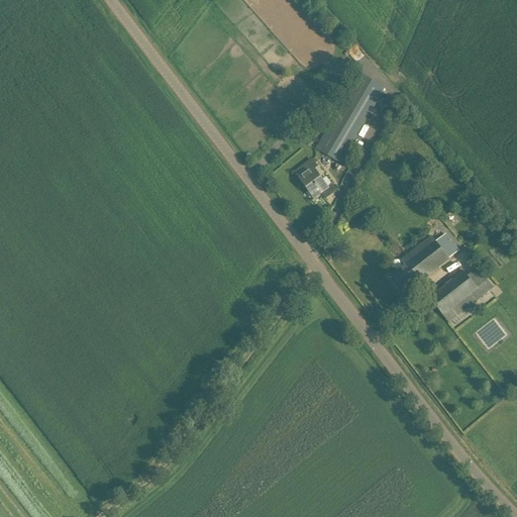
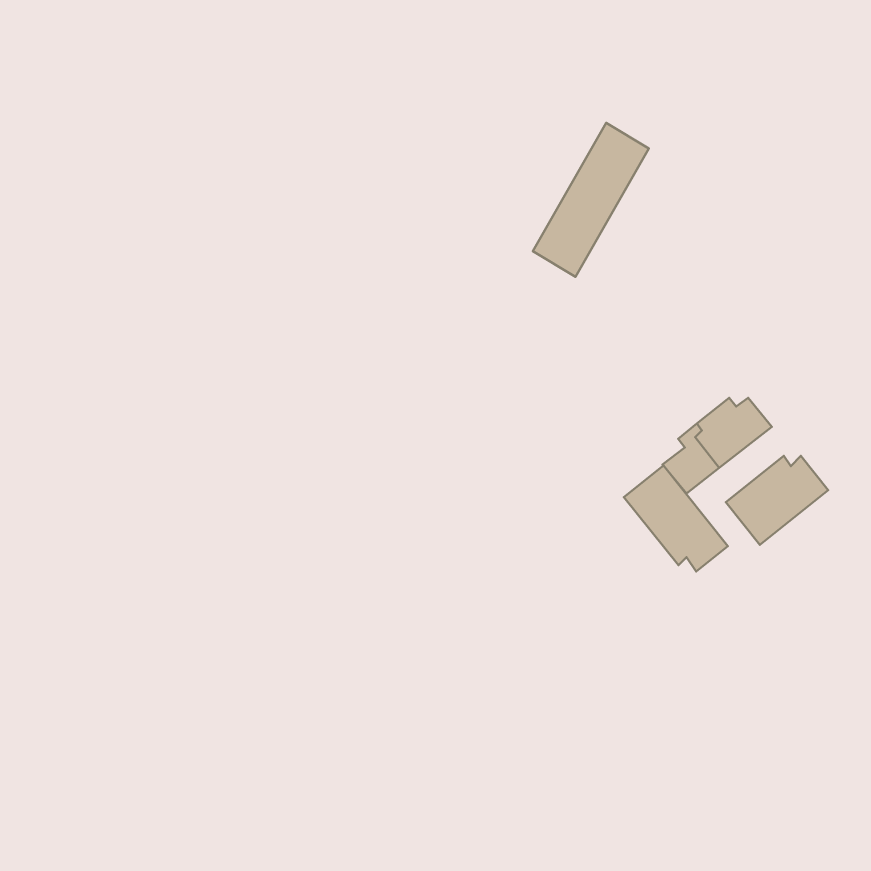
building: [299,160,329,196] -> none
building: none -> [624,465,728,571]

